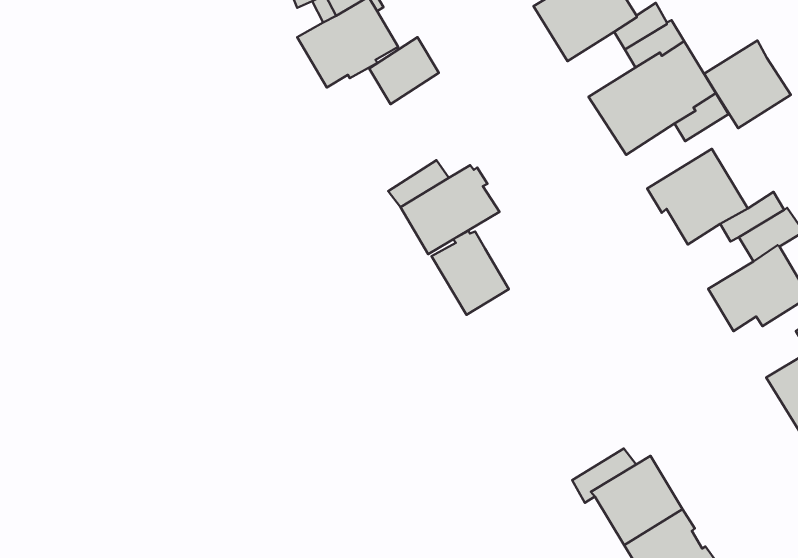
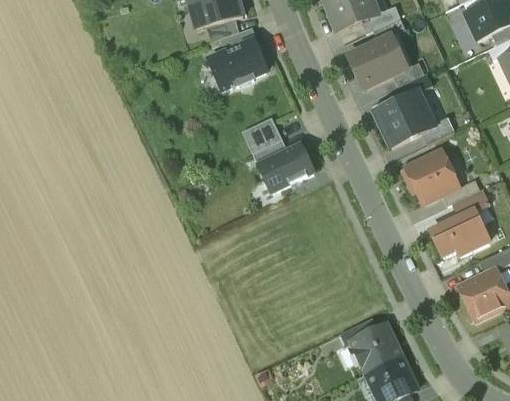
building: [369,37,439,104] -> [241,116,281,153]
building: [705,41,791,128] -> none
building: [432,231,509,315] -> none

